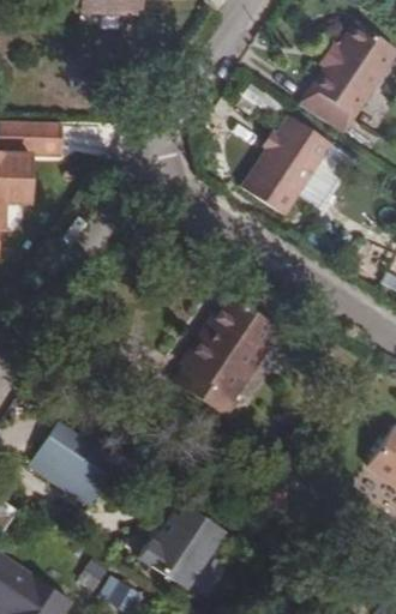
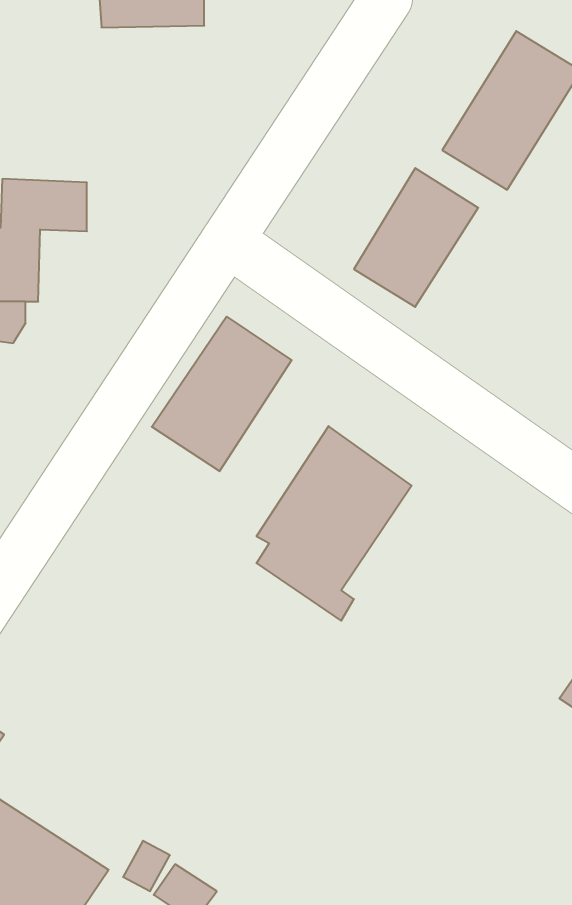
building: none -> [152,317,292,471]
building: [28,411,116,499] -> none
building: [143,507,228,595] -> none

